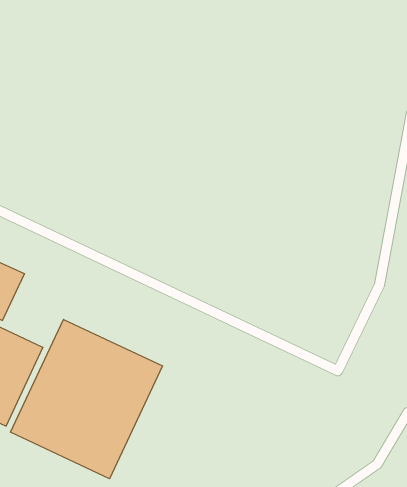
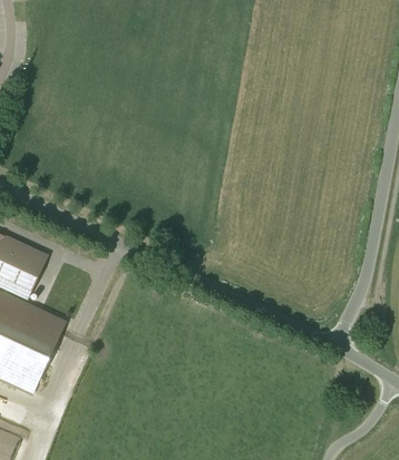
building: [11,319,162,479] -> none

